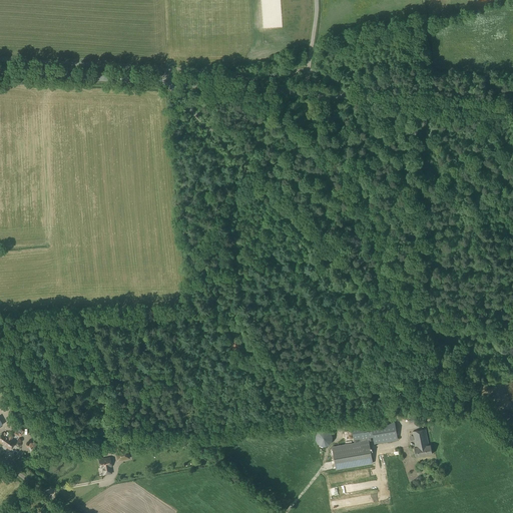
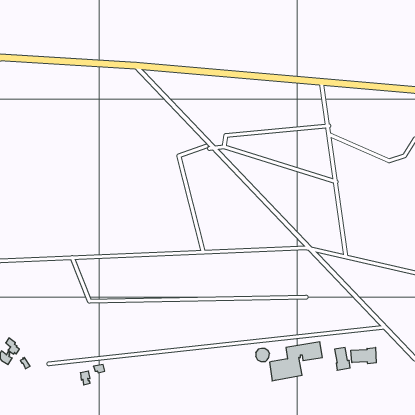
building: none -> [351,347,376,364]

